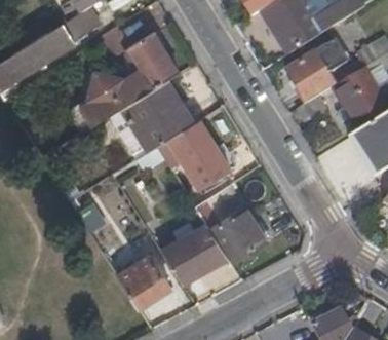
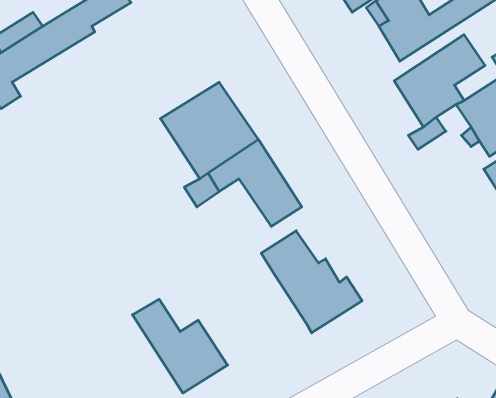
building: [69,26,178,128] -> none
building: [161,219,226,280] -> none

